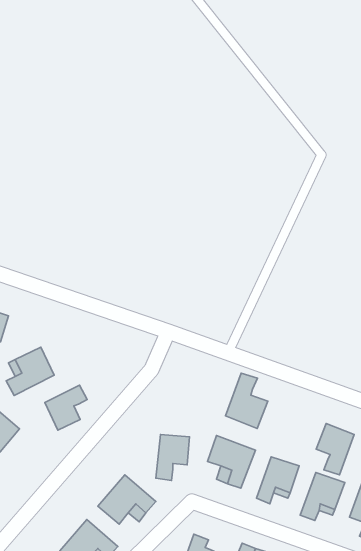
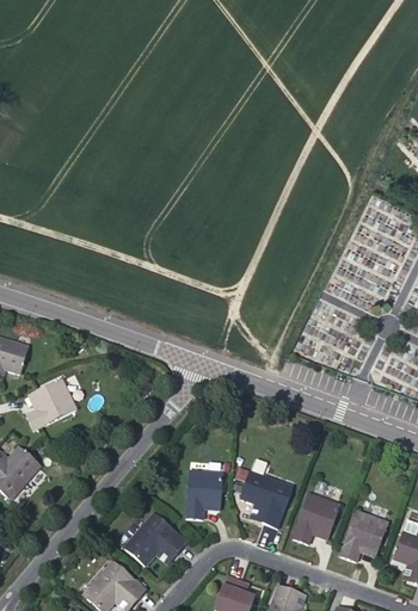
building: [225,373,268,428] -> none
building: [45,385,87,430] -> none
building: [316,424,354,475] -> none

